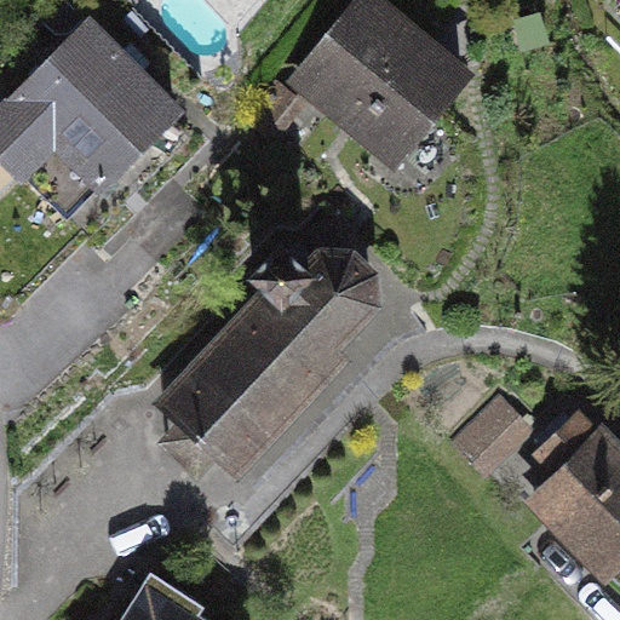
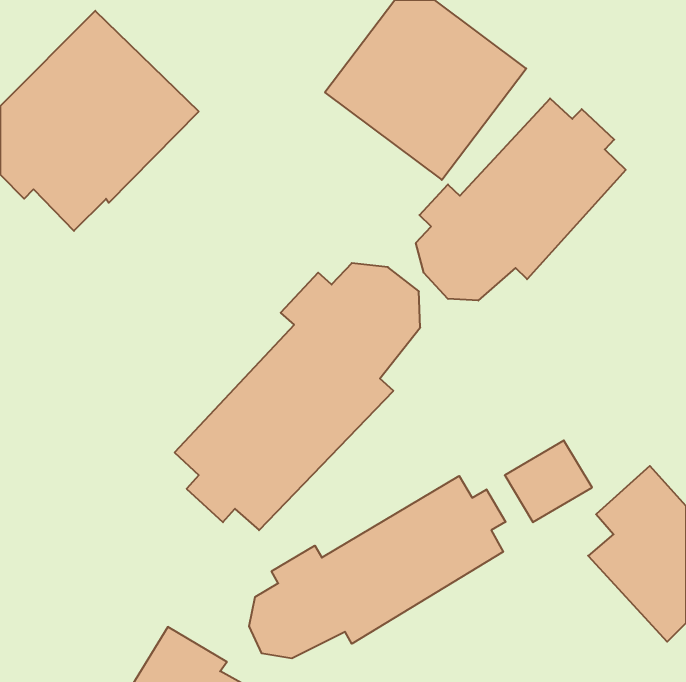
building: none -> [416,98,626,301]
building: none -> [249,476,506,658]

